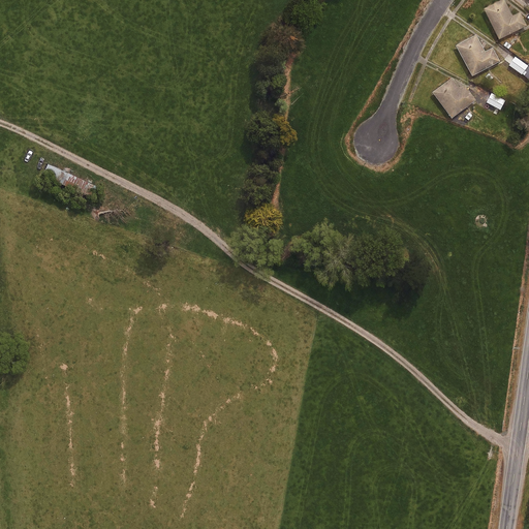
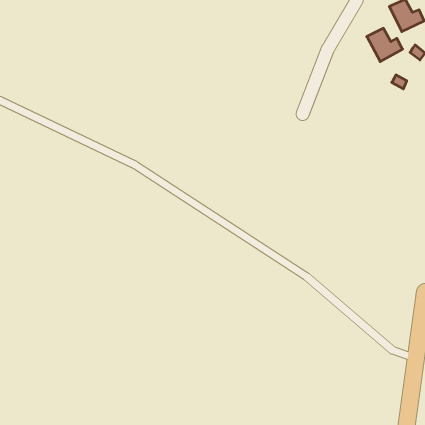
building: [433,77,476,118] -> none

